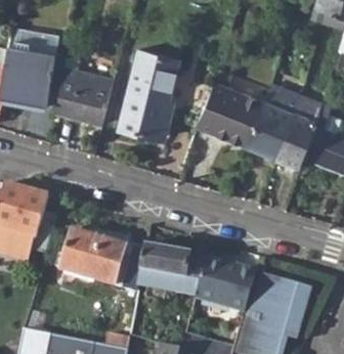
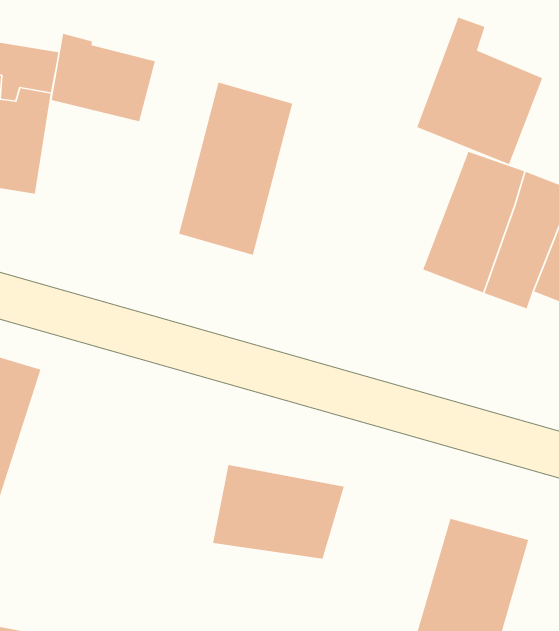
building: [198,69,263,145] -> [416,16,543,165]
building: [55,78,110,124] -> [51,33,156,122]
building: [61,229,125,285] -> none
building: [195,257,255,312] -> none

